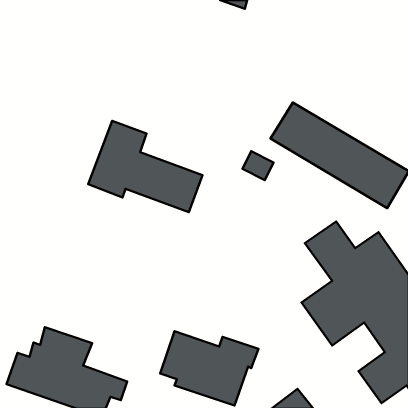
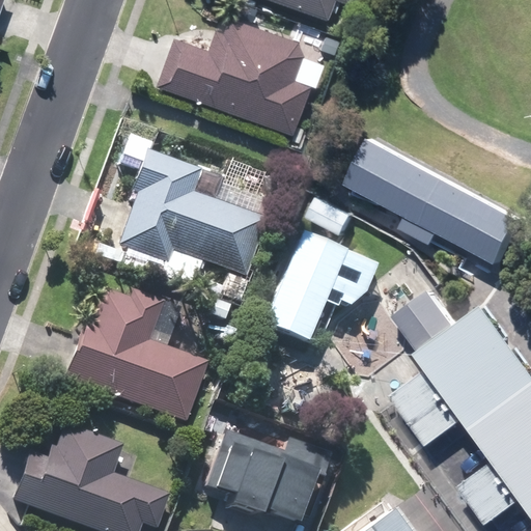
building: none -> [169,23,303,124]
building: none -> [262,233,374,346]
building: none -> [61,287,203,417]

